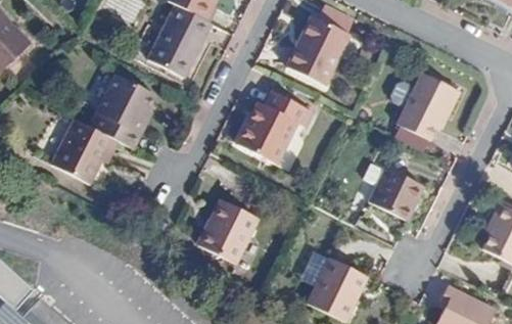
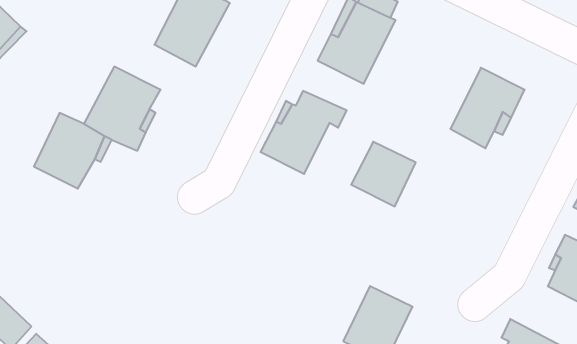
building: [368,167,422,221] -> [351,142,416,206]
building: [199,200,259,264] -> none

